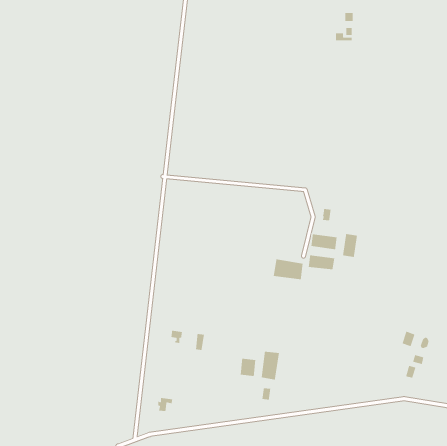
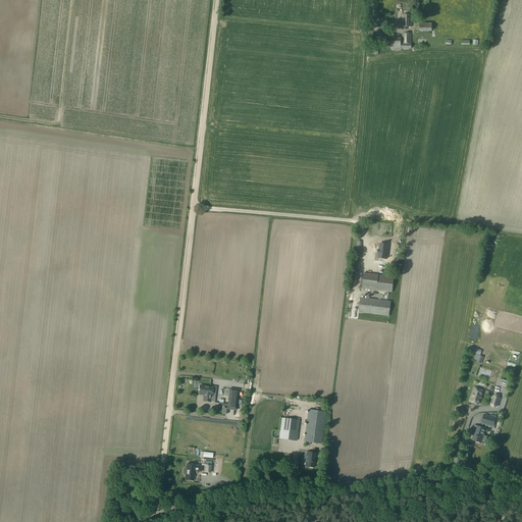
building: [342,233,358,258] -> none
building: [273,258,304,280] -> none

